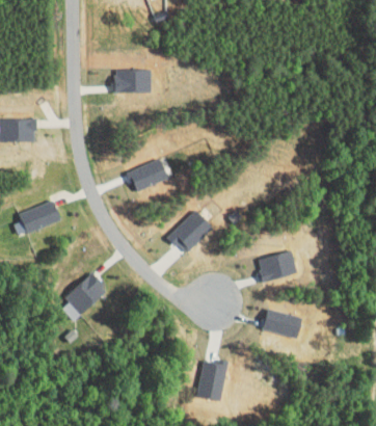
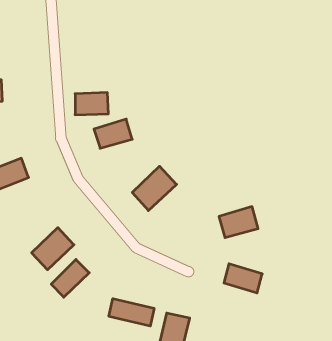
building: [116,69,151,91] -> [75,93,108,115]
building: none -> [51,259,89,297]
building: none -> [109,299,154,326]

